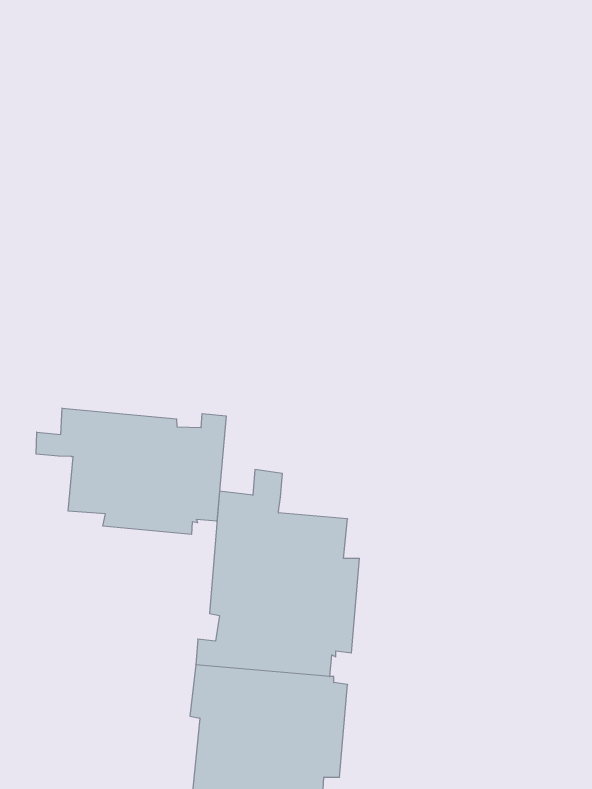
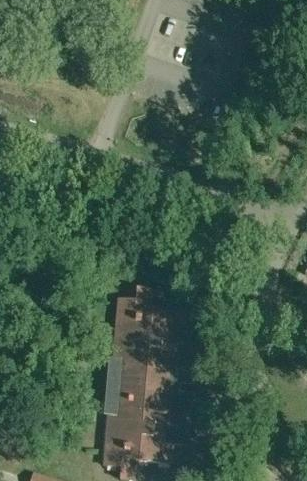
building: [36,408,226,534] -> none

